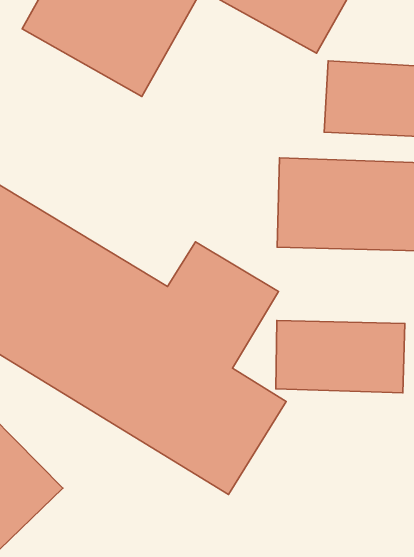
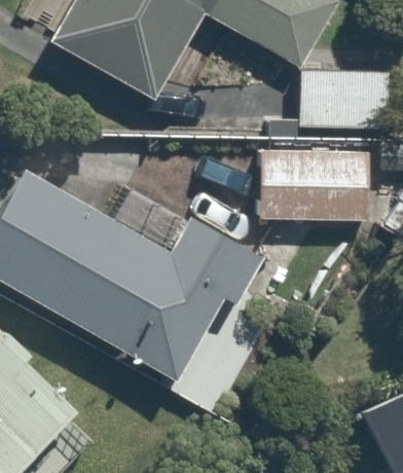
building: [276,321,405,393] -> none

